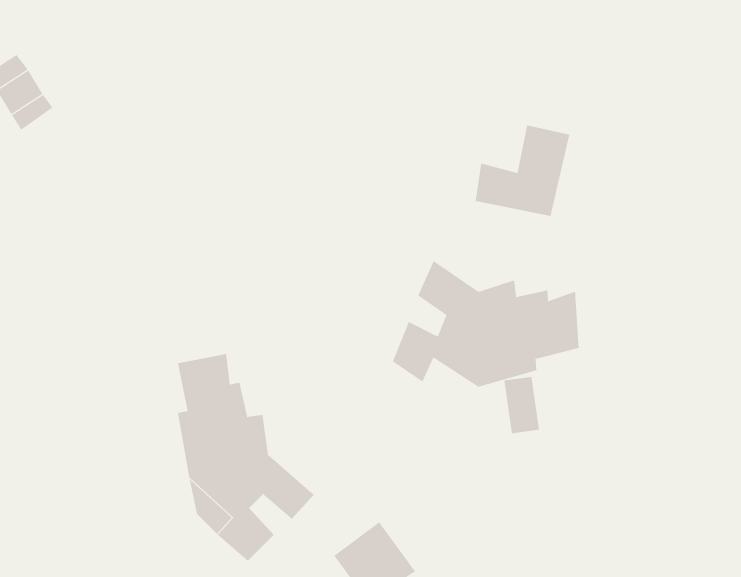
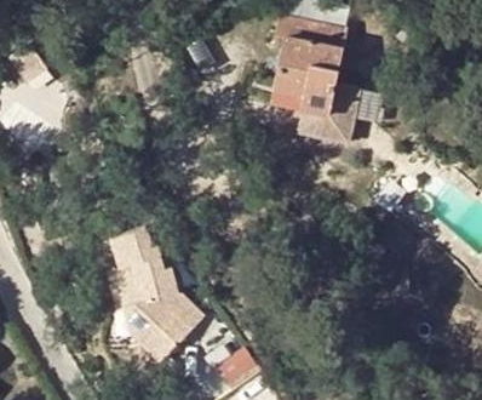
building: none -> [277,12,350,114]
building: [392,260,579,388] -> none

